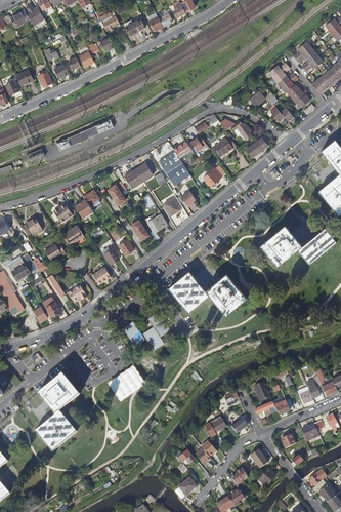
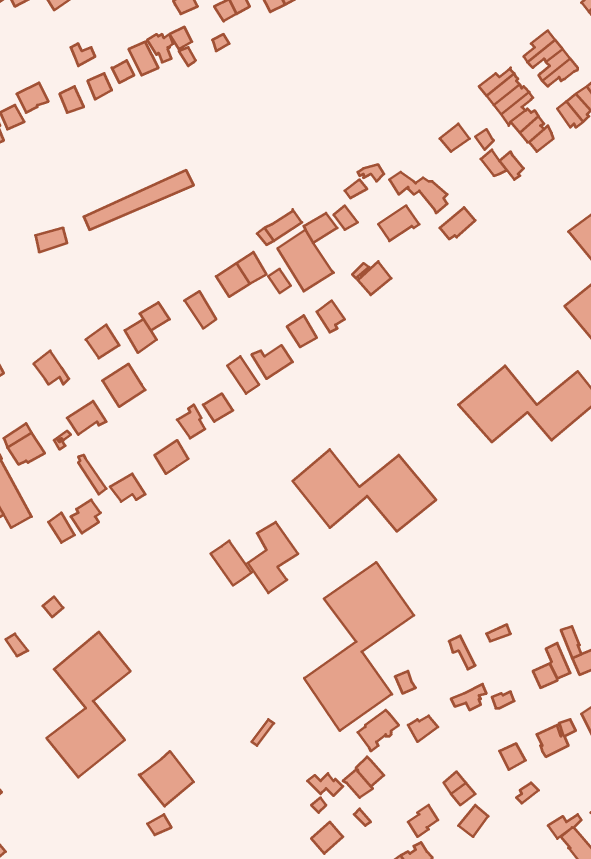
building: none -> [304,562,414,731]
building: [108,363,145,399] -> none
building: none -> [139,751,194,806]

